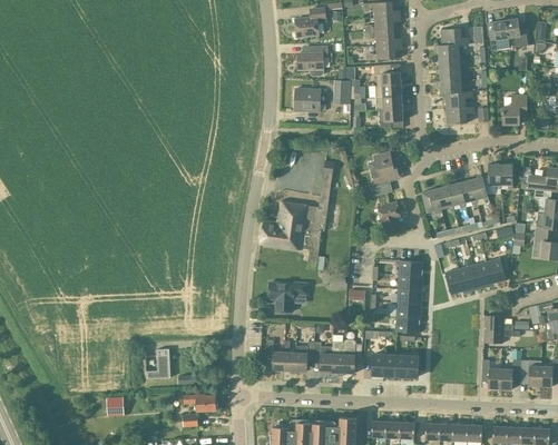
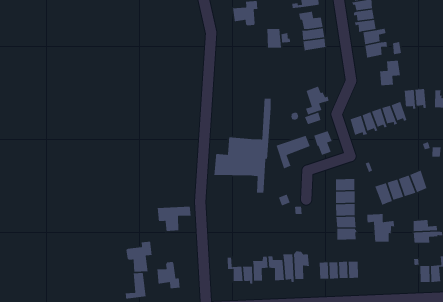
building: [295,88,321,111] -> none
building: [503,95,528,123] -> [379,60,401,86]
building: [379,107,403,127] -> none
building: none -> [275,135,311,169]
building: [268,281,307,310] -> [157,206,191,232]
building: none -> [366,213,395,242]
building: none -> [126,241,153,273]
building: none -> [157,261,181,289]

